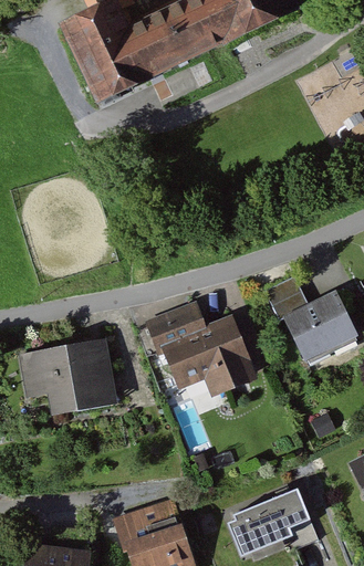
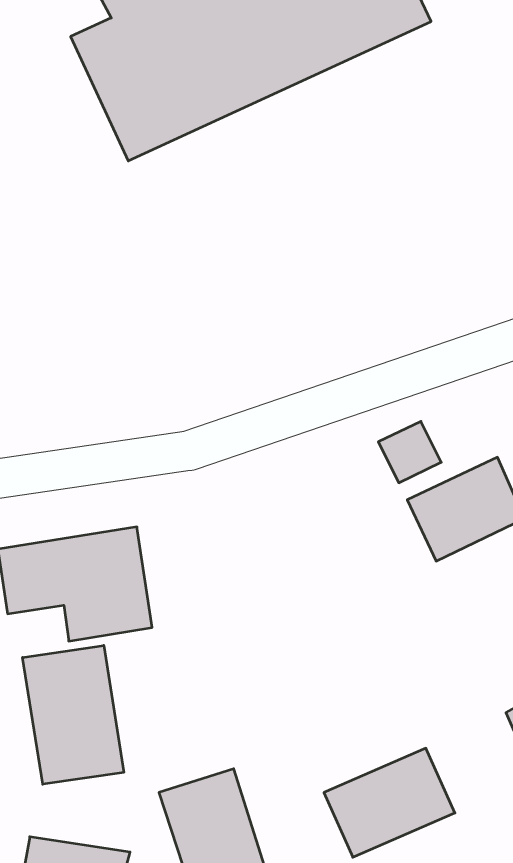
building: [146,303,261,397] -> none
building: none -> [23,645,124,784]

